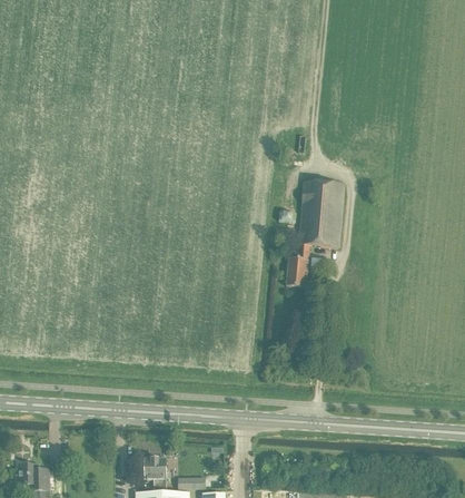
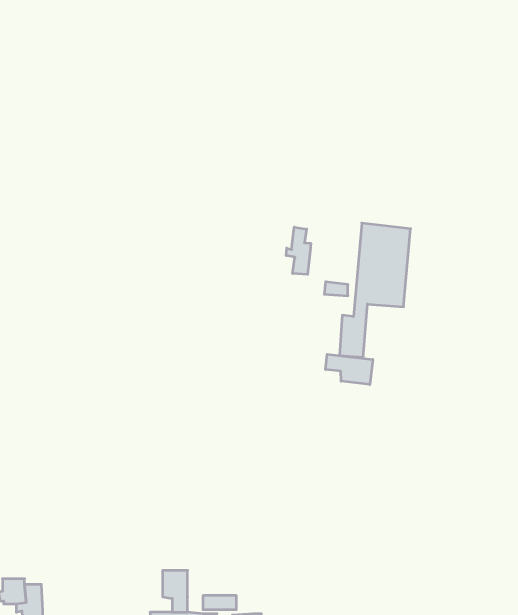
building: none -> [286,227,311,274]
building: none -> [326,354,373,385]

